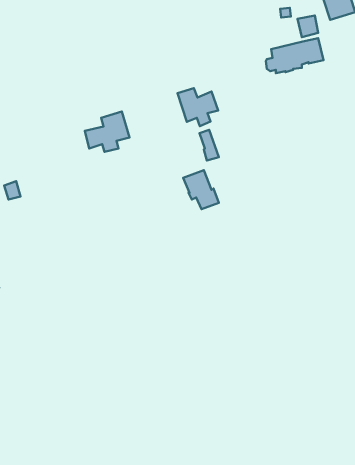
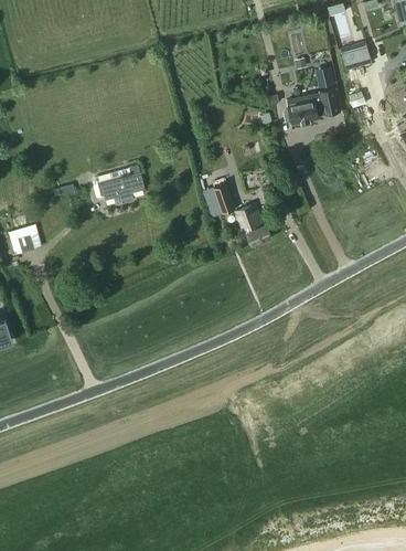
building: [177,88,218,126] -> none
building: [183,170,219,209] -> [235,204,271,244]

